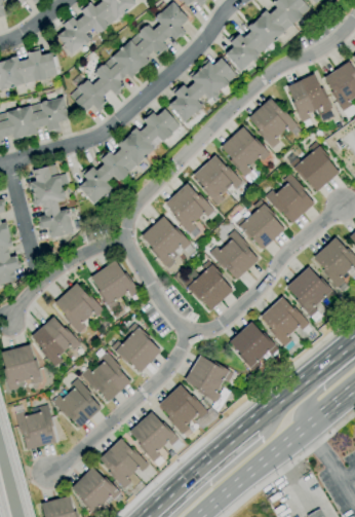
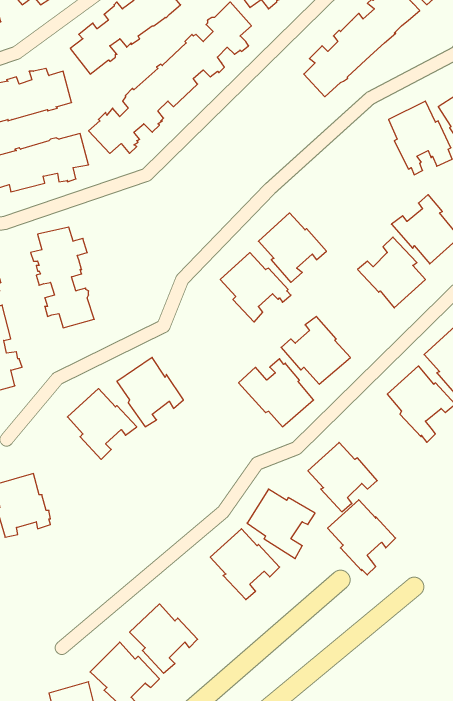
building: [168,59,236,122] -> none
building: [248,98,298,149] -> none
building: [78,109,180,205] -> none
building: [221,127,270,181] -> none
building: [235,199,284,250] -> none
building: [142,217,194,267] -> none
building: [260,296,309,350] -> [328,500,396,575]
building: [32,317,81,367] -> none
building: [111,323,161,372] -> none
building: [81,348,131,402] -> none
building: [52,378,102,429] -> none
building: [15,405,55,450] -> none
building: [129,412,179,461] -> none

